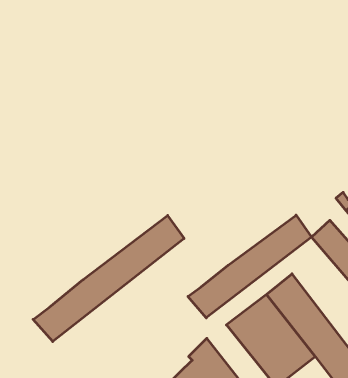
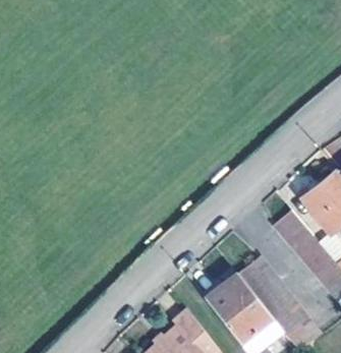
building: [188,215,312,318] -> none
building: [33,215,184,342] -> none

